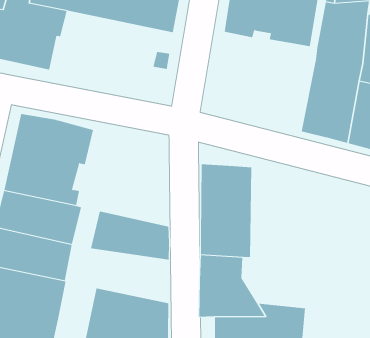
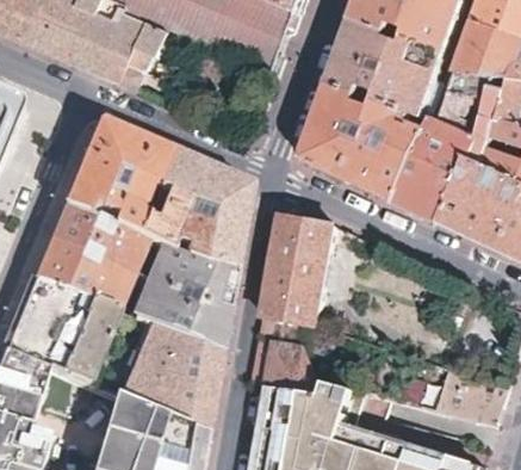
building: none -> [300,79,418,199]
building: none -> [138,159,247,276]
building: none -> [129,284,227,357]

